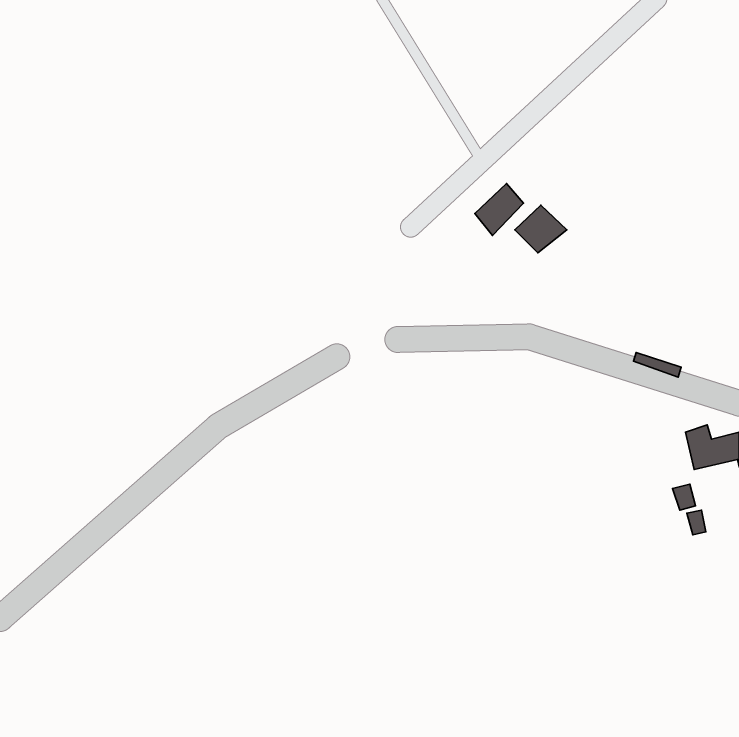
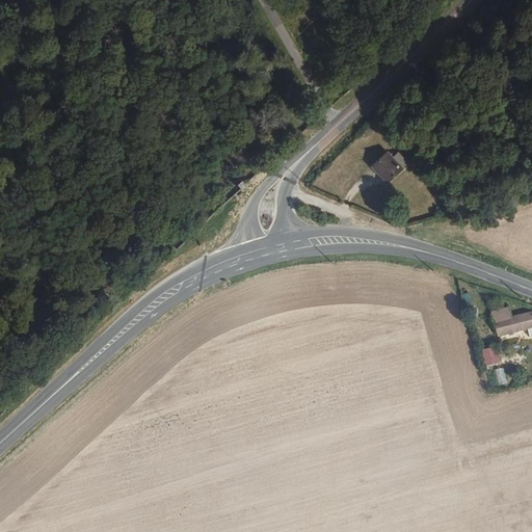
building: [475,184,523,236] -> none

